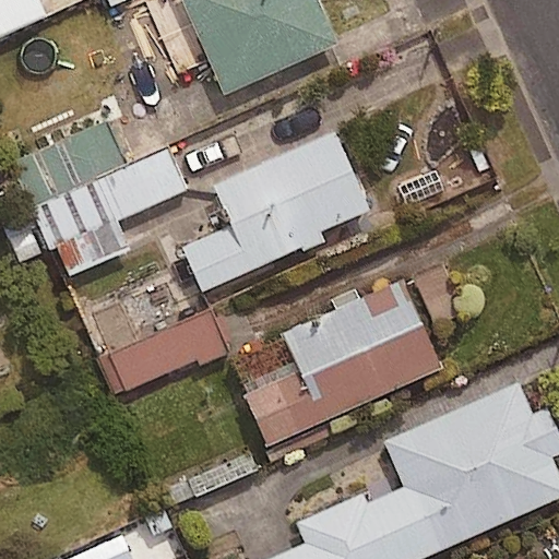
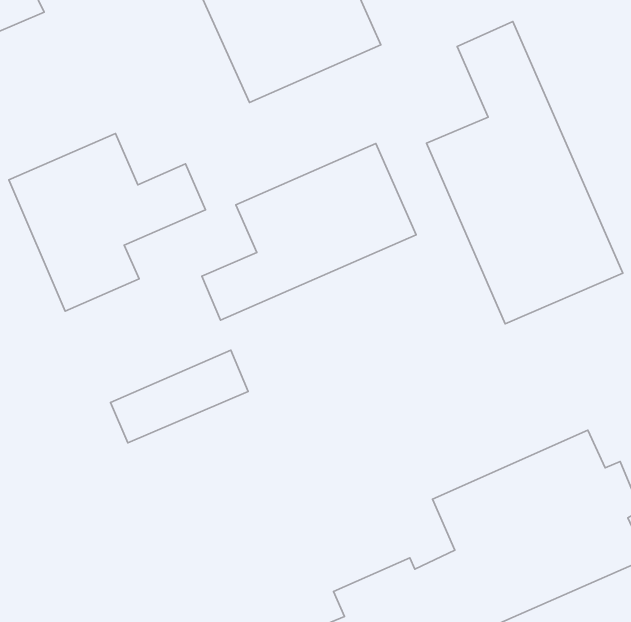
building: none -> [427,22,623,324]
building: [242,281,443,449] -> none

